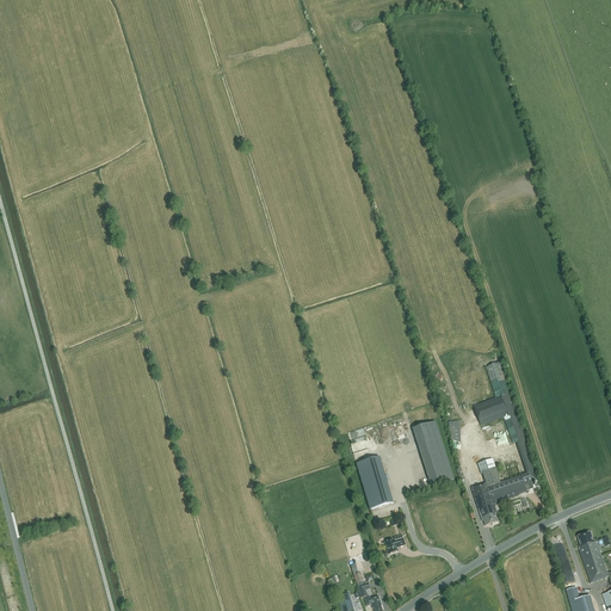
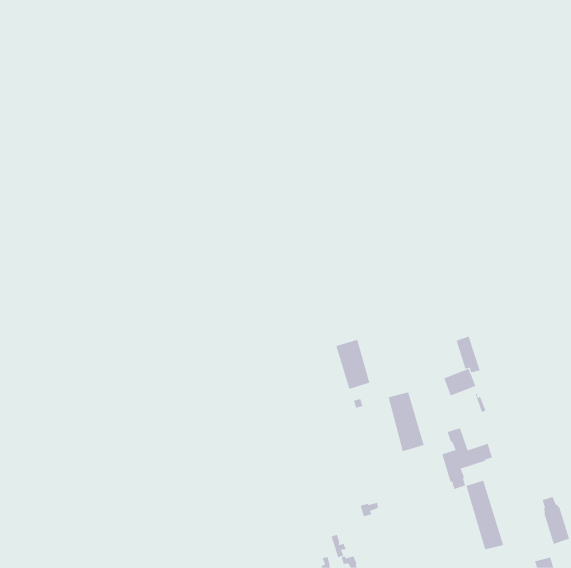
building: [356,455,393,508] -> [336,339,370,389]
building: none -> [466,480,504,550]

